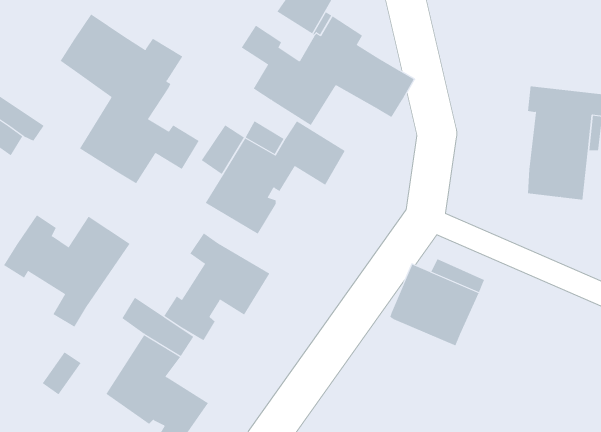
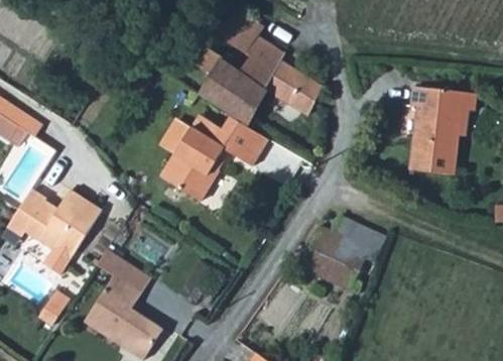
building: [60,13,200,184] -> none
building: [164,232,270,341] -> none

